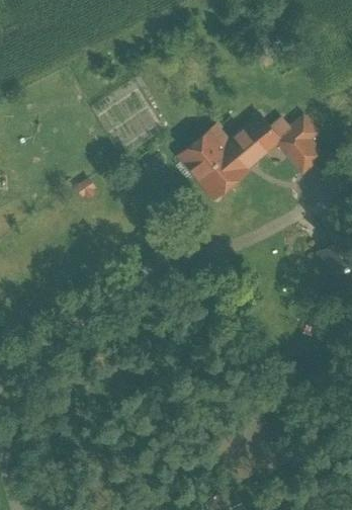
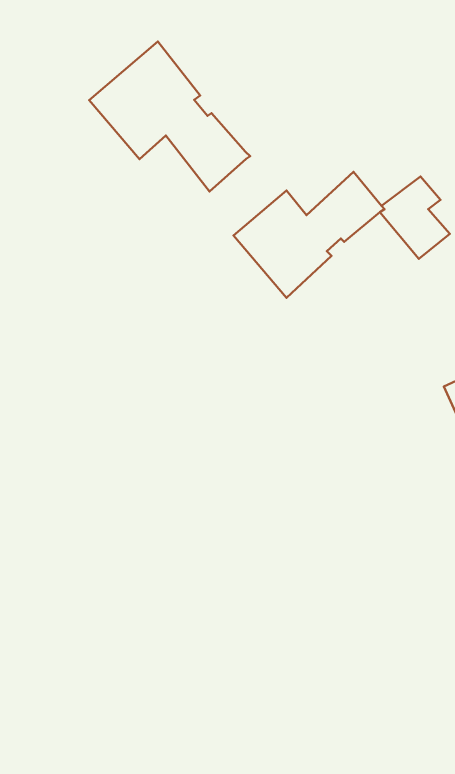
building: none -> [89,41,250,191]

